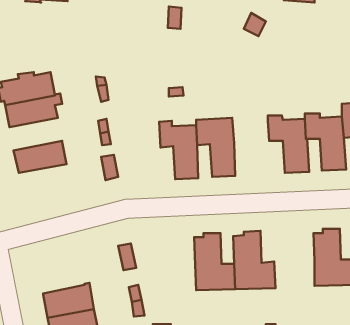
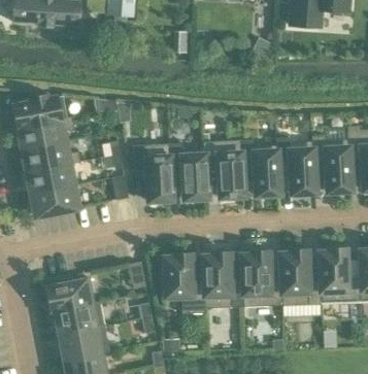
building: none -> [239,139,278,196]
building: none -> [22,140,79,172]
building: none -> [132,144,171,202]
building: none -> [31,185,81,216]
building: none -> [279,249,320,306]
building: none -> [160,253,204,314]
building: none -> [45,277,95,312]

